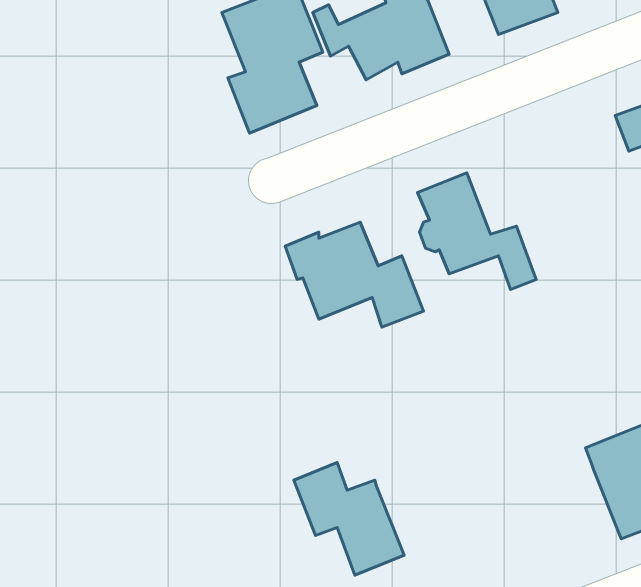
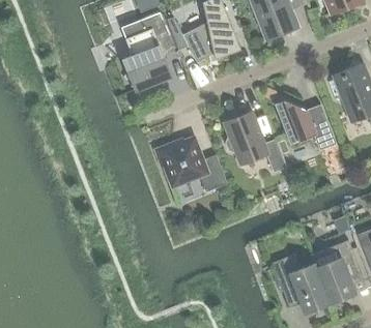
building: none -> [278,98,336,148]
building: [294,462,404,575] -> [273,254,331,312]

